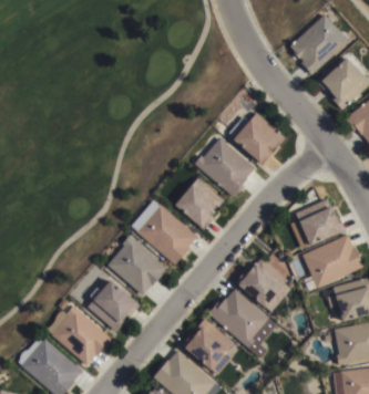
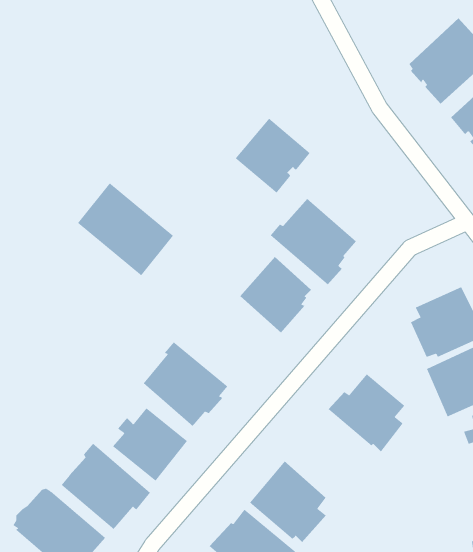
building: [233,112,285,164] -> [235,118,311,194]
building: [130,199,196,263] -> [77,183,174,276]
building: [207,289,276,359] -> none

